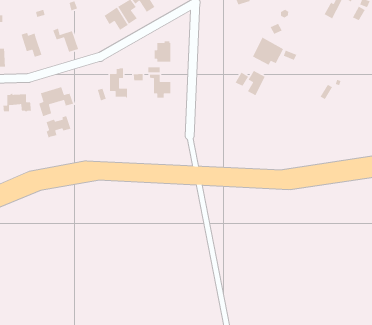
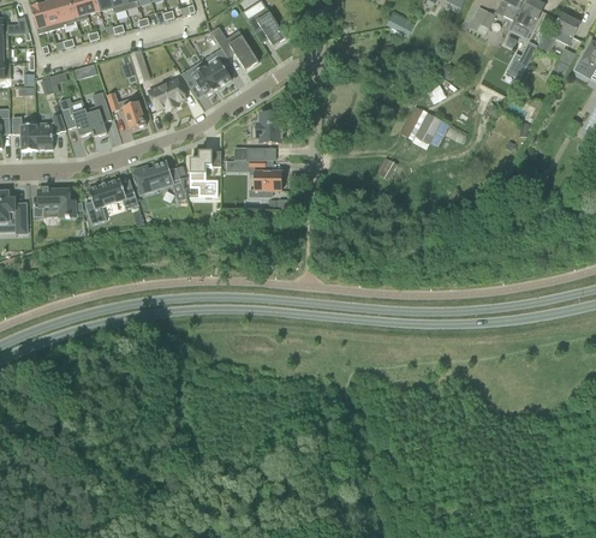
building: none -> [148,78,185,110]
building: none -> [83,91,112,136]
building: none -> [36,113,66,150]
building: [247,70,266,97] -> none
building: [46,115,72,139] -> [135,160,173,195]

